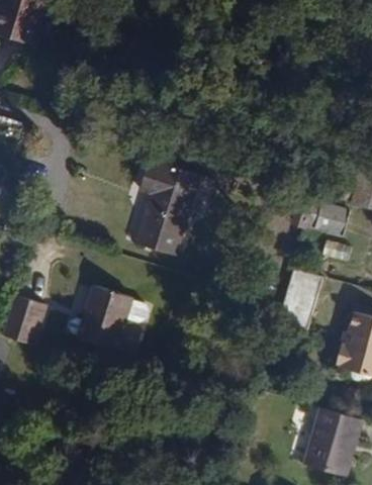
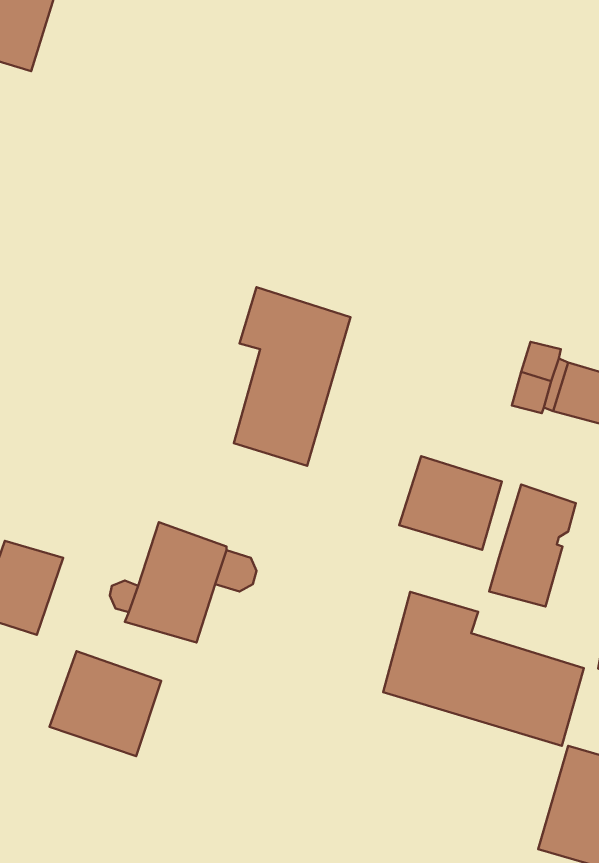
building: none -> [399,456,502,550]
building: none -> [383,592,584,746]
building: none -> [50,651,161,756]

